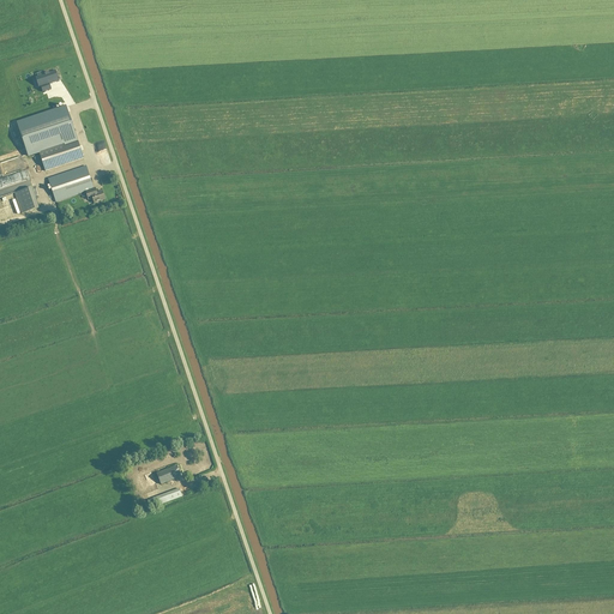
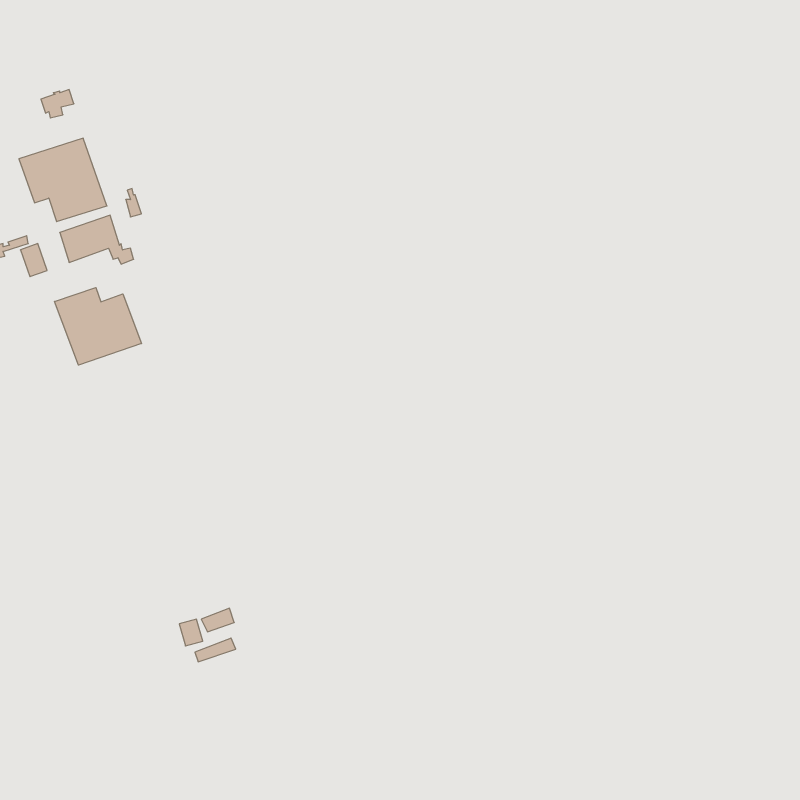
building: none -> [55,288,141,365]

